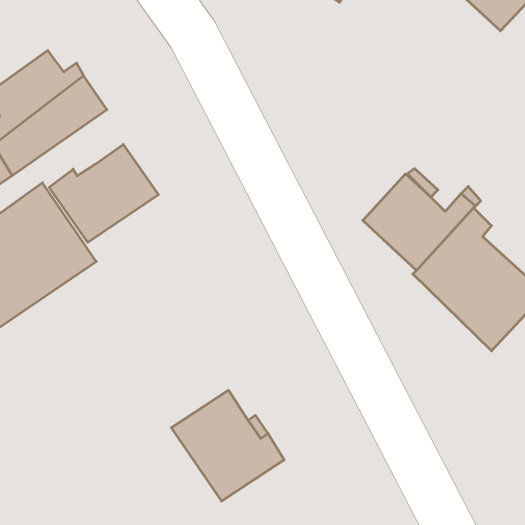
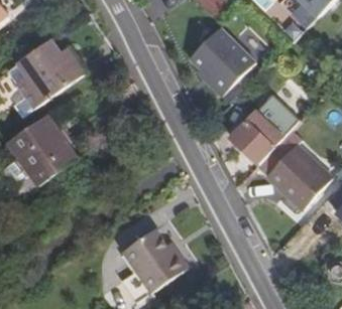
building: none -> [186,23,259,97]
building: [49,144,158,242] -> none

